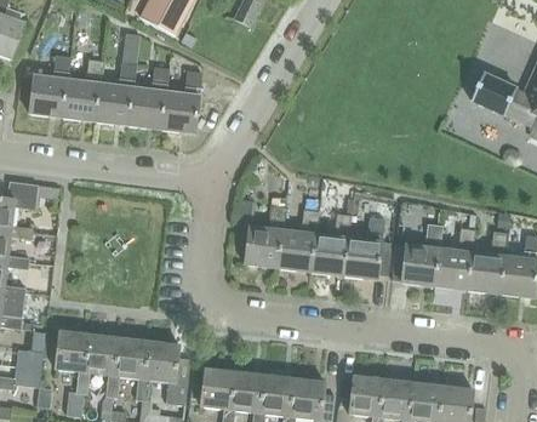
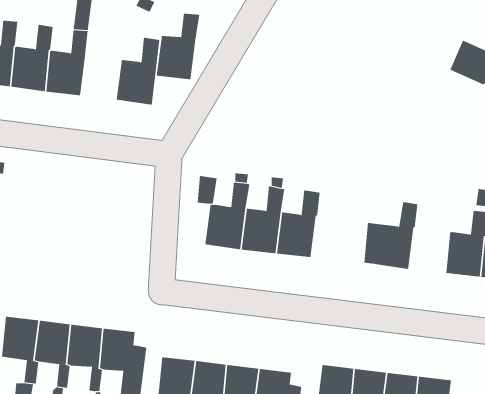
building: [128,67,170,129] -> [156,13,200,80]
building: [343,217,392,279] -> none
building: [434,227,475,290] -> none

